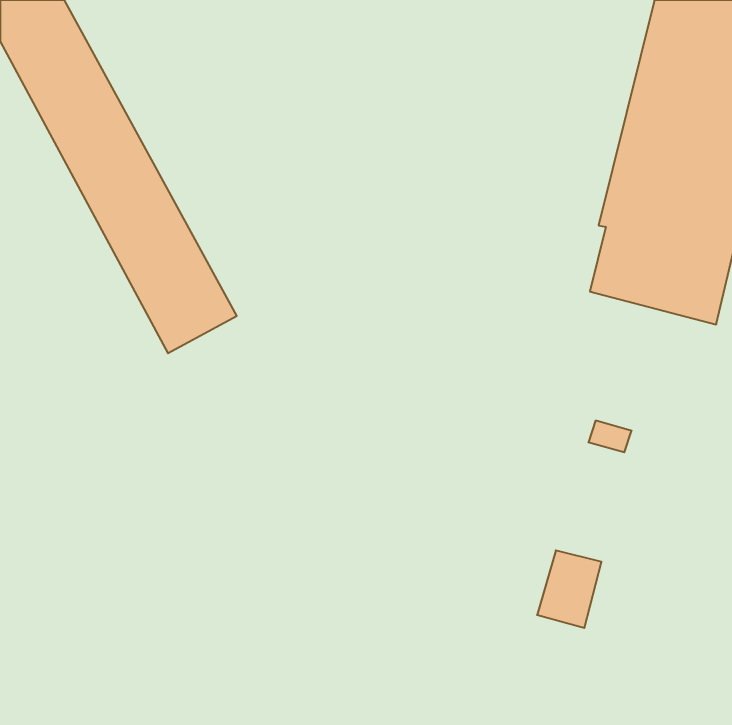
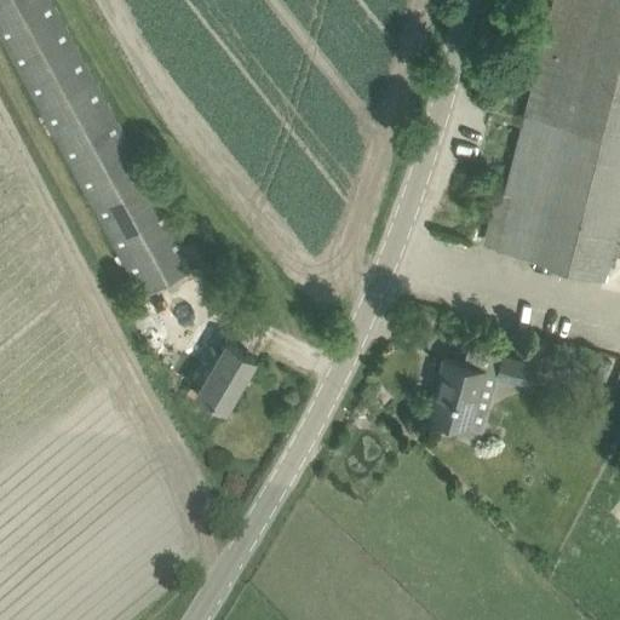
building: none -> [197,346,256,413]
building: [537,550,602,628] -> [429,366,483,431]

